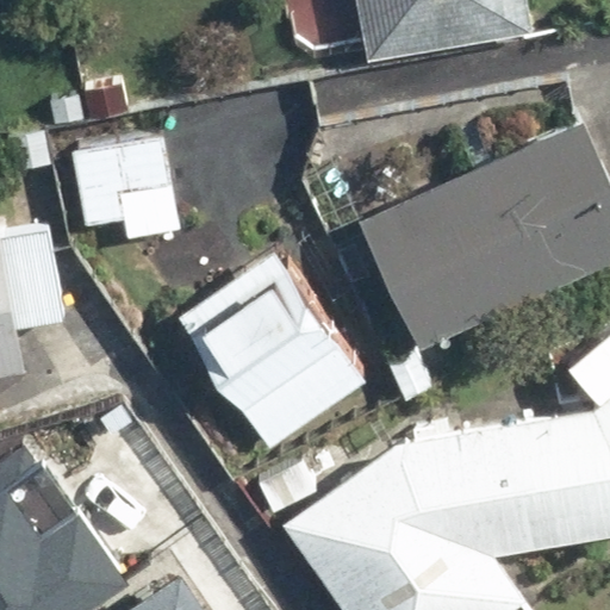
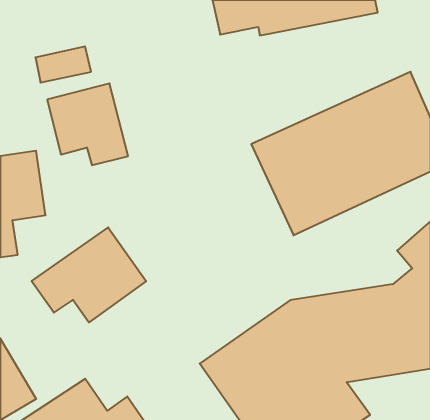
building: [176,251,366,449] -> none
building: none -> [32,227,146,322]

